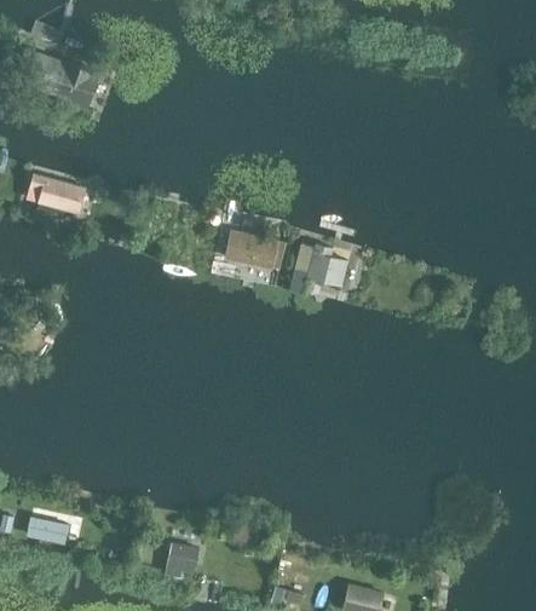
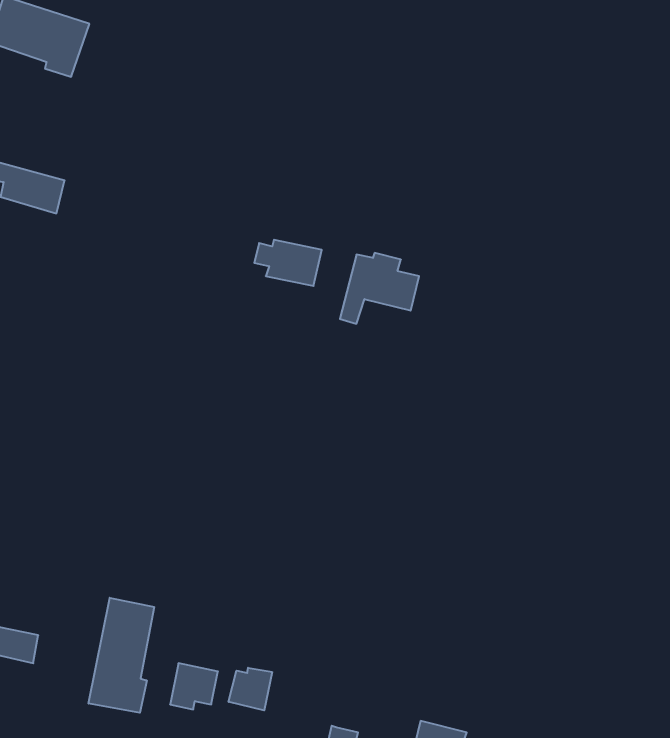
building: none -> [89,598,154,713]
building: none -> [229,668,272,710]

